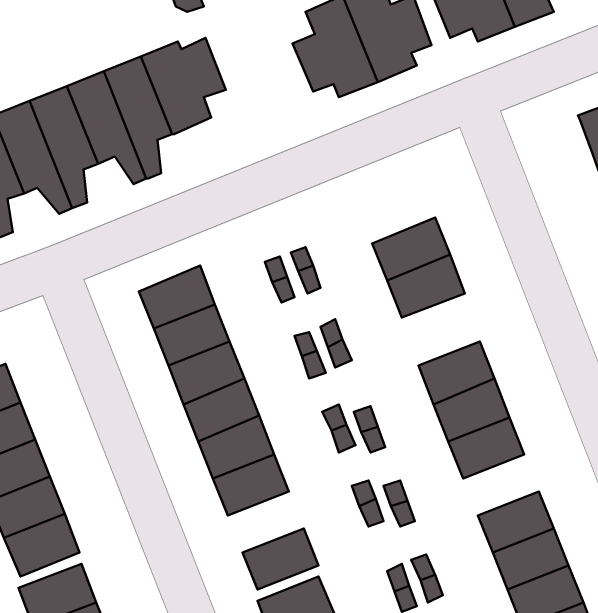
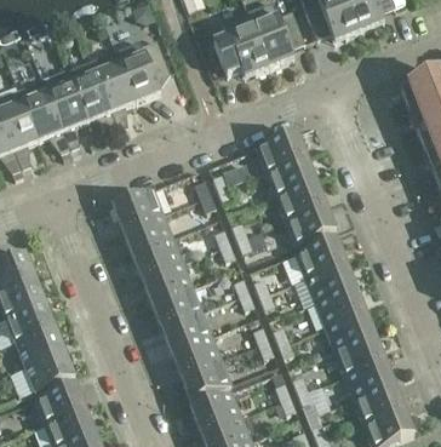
building: none -> [256,131,307,172]
building: none -> [285,205,336,245]
building: none -> [325,310,374,350]
building: none -> [171,334,220,374]

